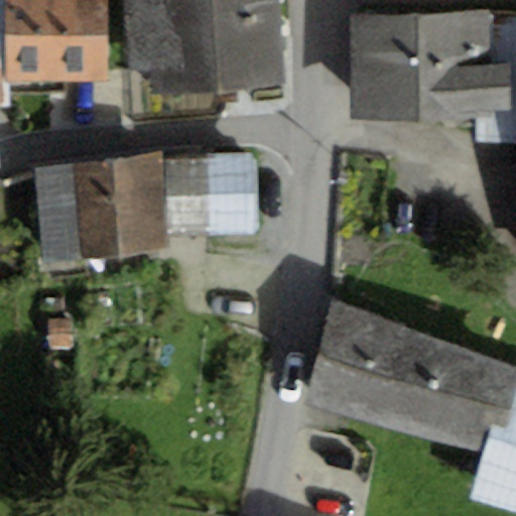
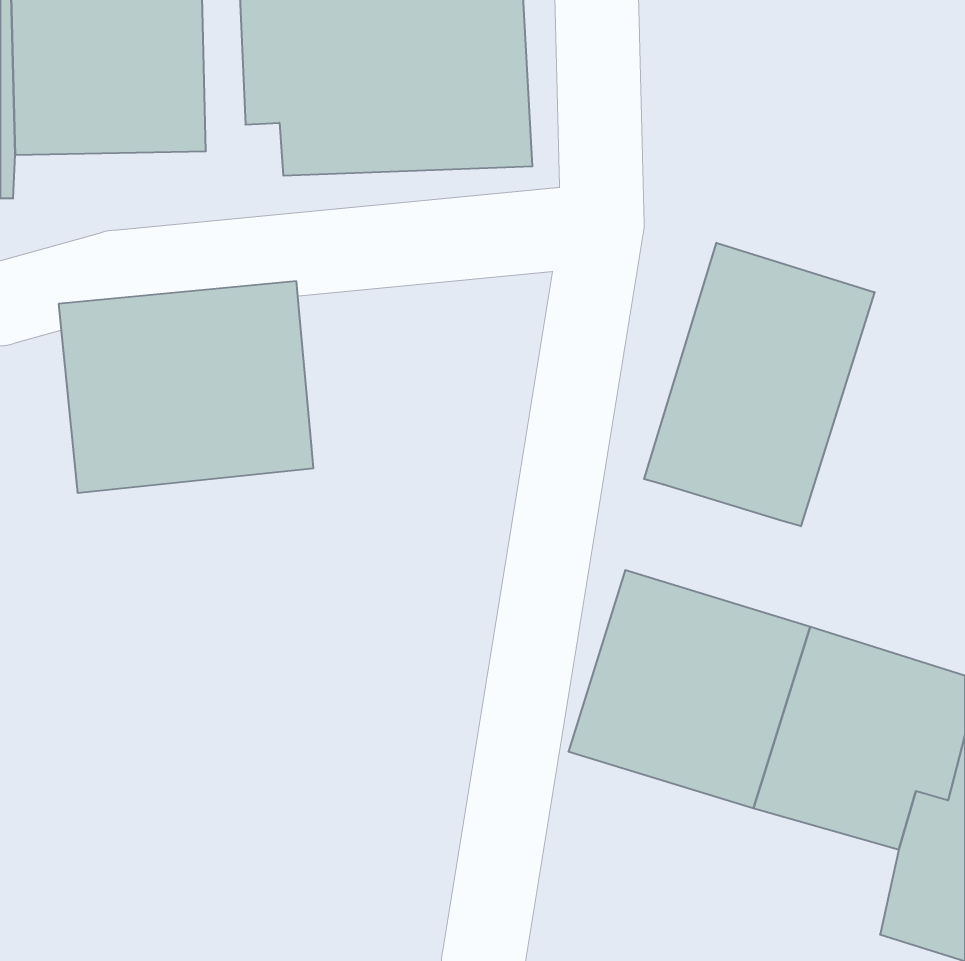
building: [347,10,511,119] -> none
building: none -> [644,243,875,526]
building: [159,153,262,238] -> none

